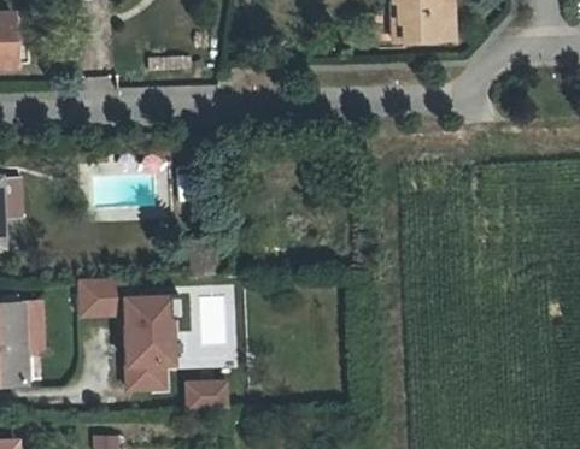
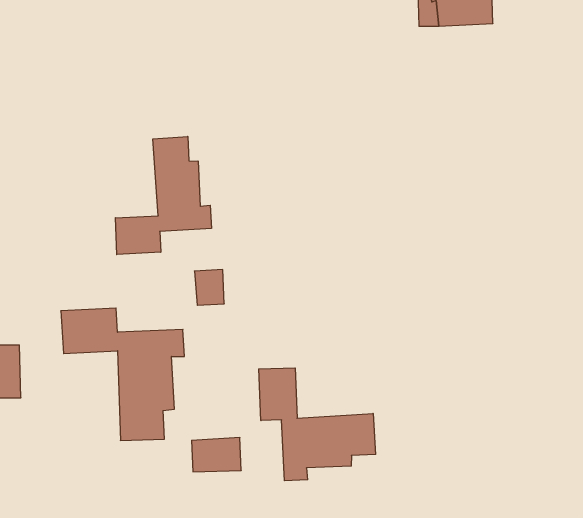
building: none -> [115,136,211,255]
building: none -> [259,368,376,481]

